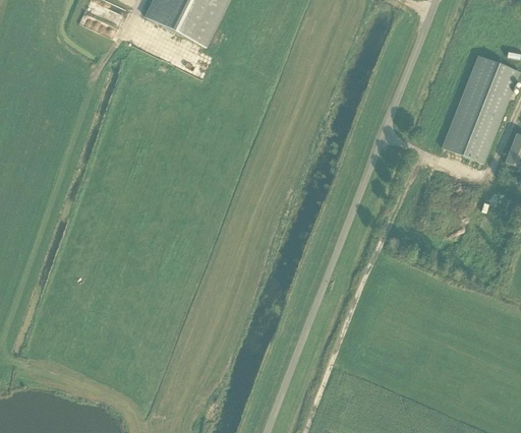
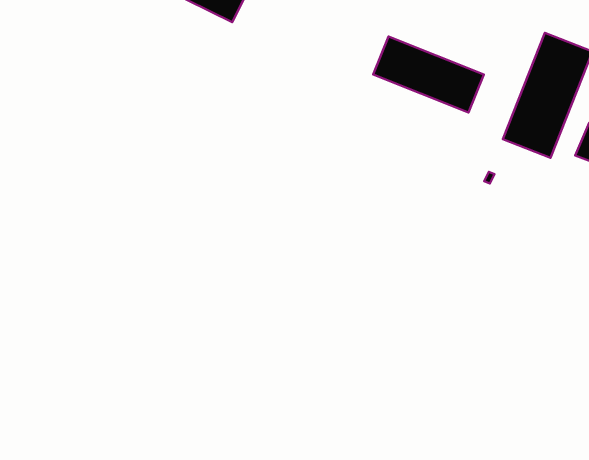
building: none -> [373,37,484,112]

